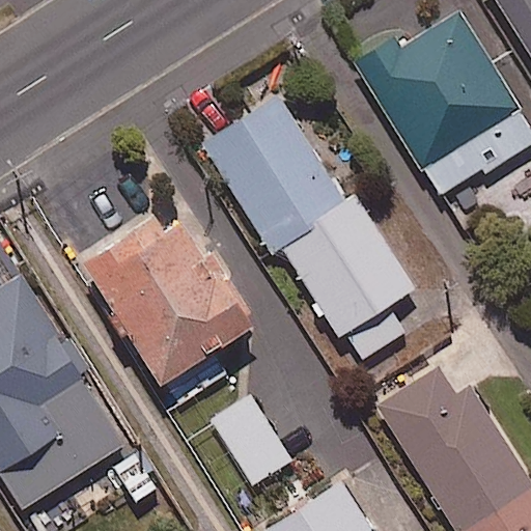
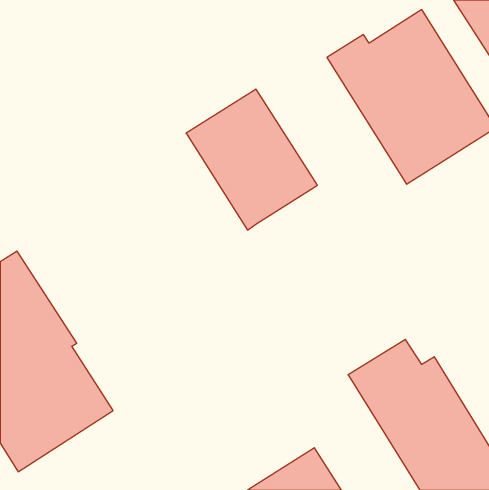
building: [279,194,414,363] -> none
building: [78,205,256,409] -> none
building: [212,394,291,484] -> none

